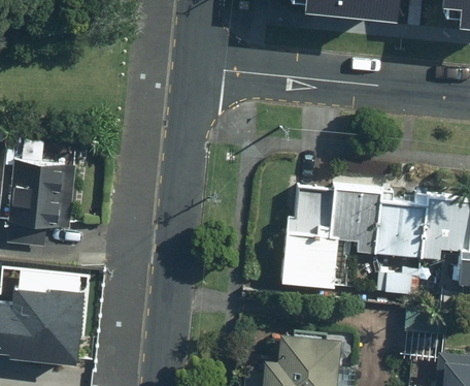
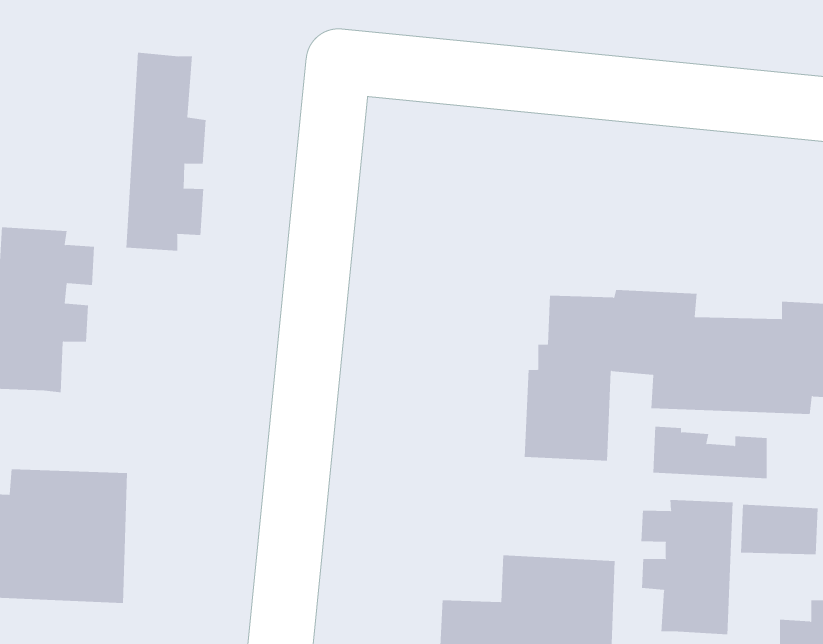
building: none -> [126,52,206,251]
building: none -> [641,499,733,635]

